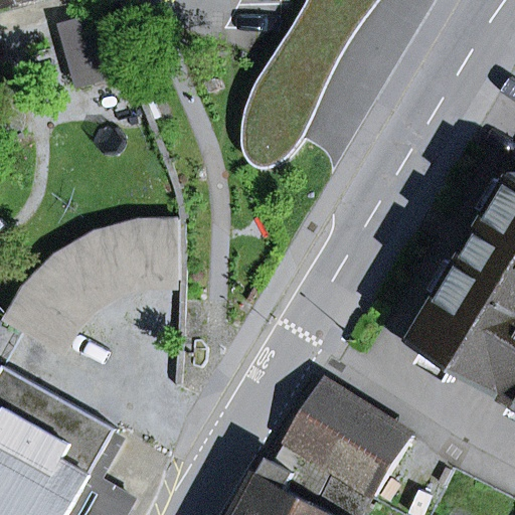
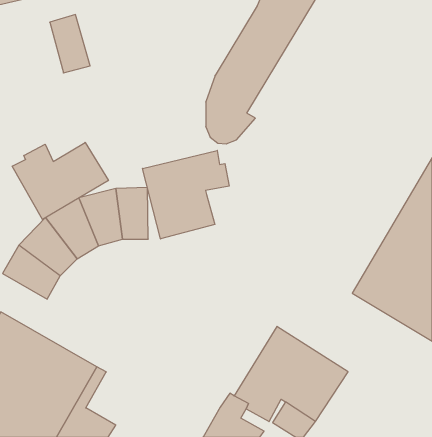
building: none -> [12,142,108,219]
building: none -> [143,150,229,239]

